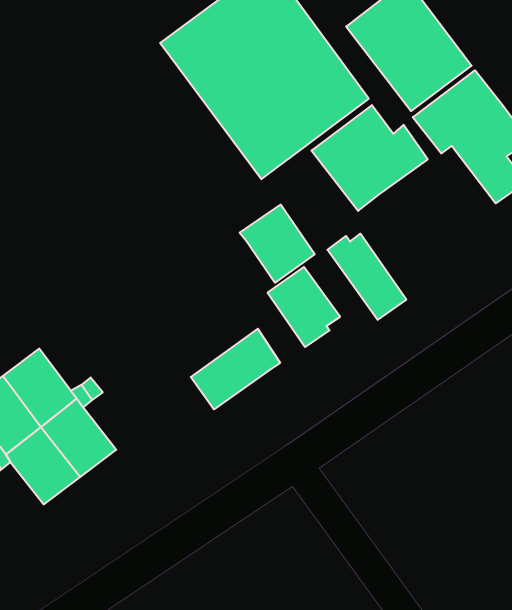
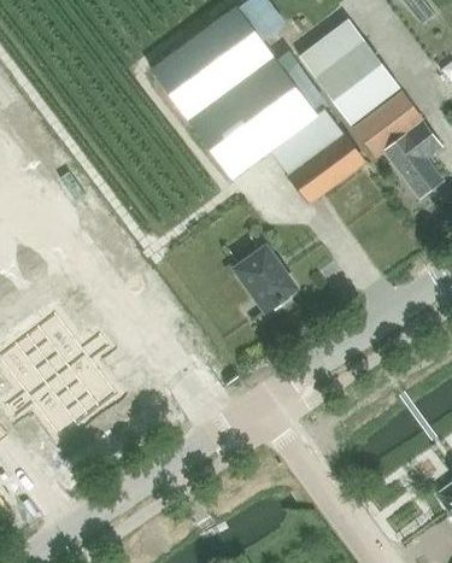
building: [240,205,315,283] -> none
building: [327,234,406,320] -> none
building: [191,329,280,409] -> none

